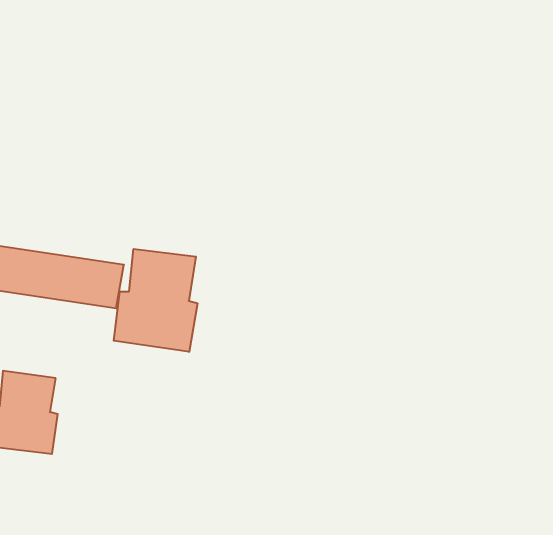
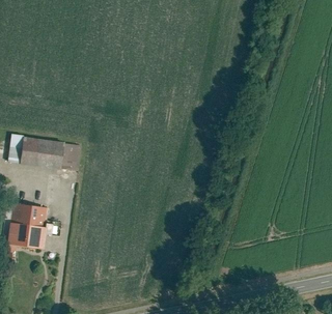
building: [114,249,197,352] -> none

